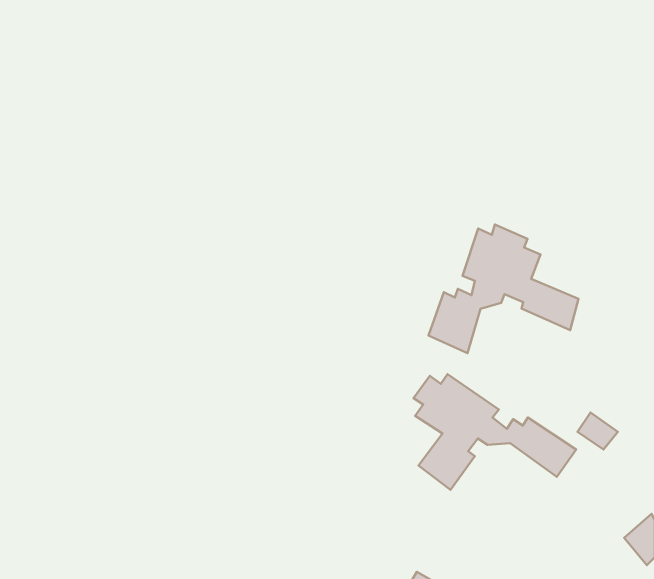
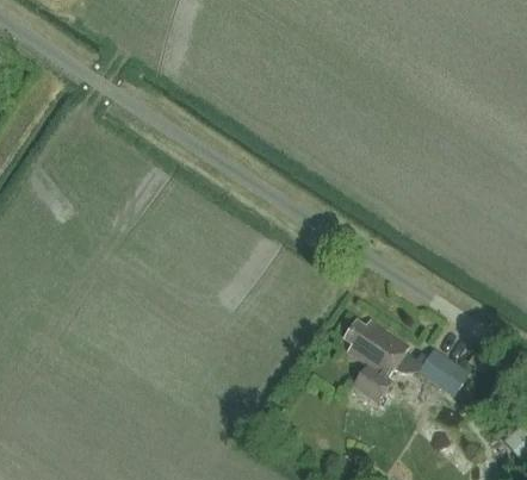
building: [428,224,578,353] -> none

